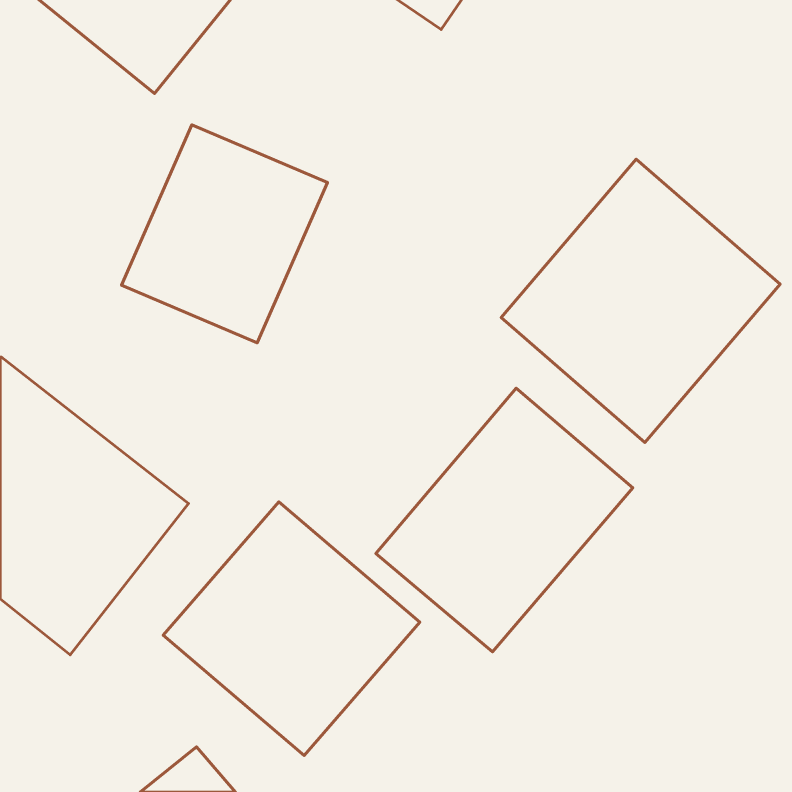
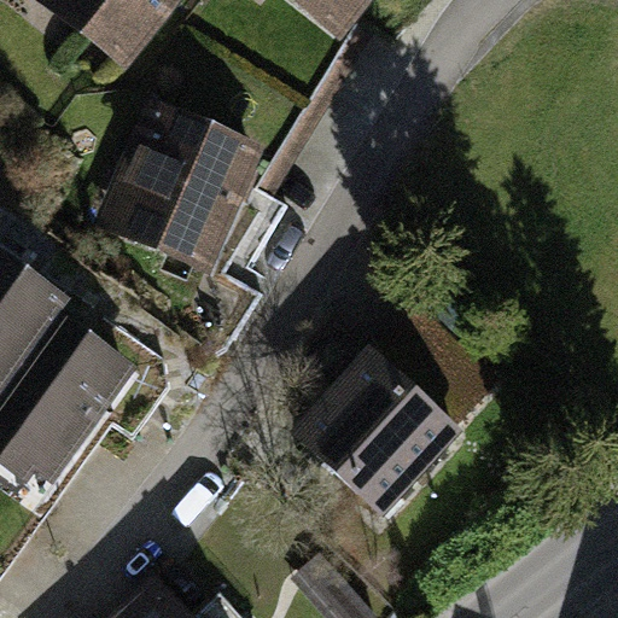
building: [501,159,780,443] -> none
building: [163,502,420,756] -> none

